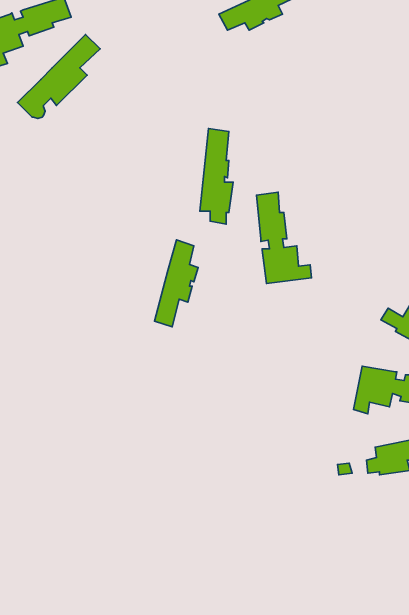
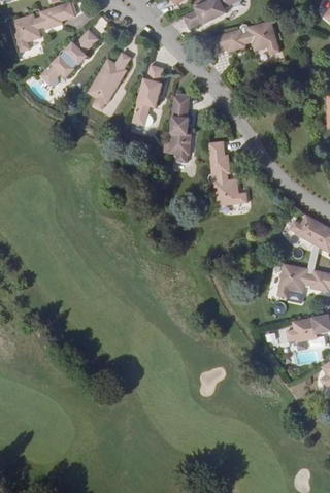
building: none -> [205,21,279,55]
building: none -> [88,52,131,109]
building: [155,240,198,327] -> [132,64,163,126]

